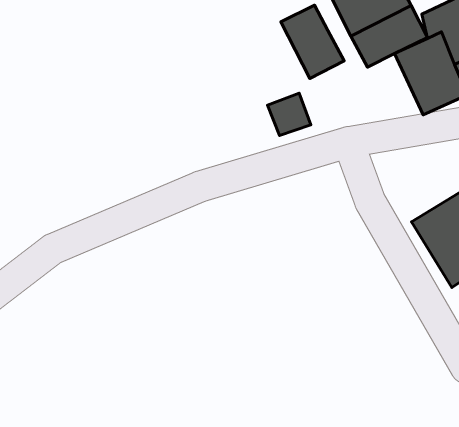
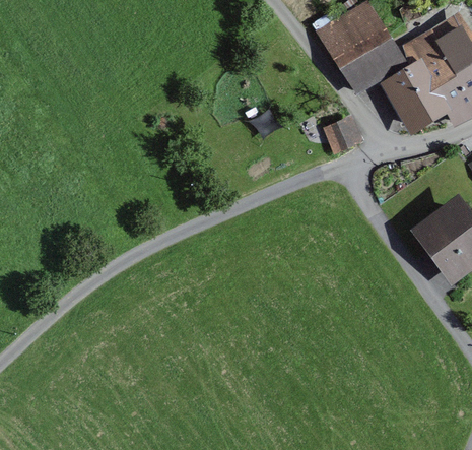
building: [281,5,344,78] -> none
building: [268,93,311,136] -> [323,114,363,153]

